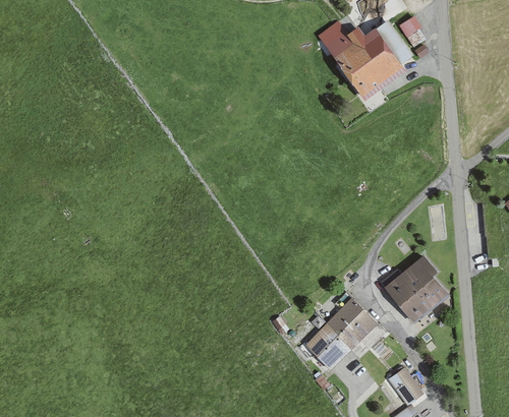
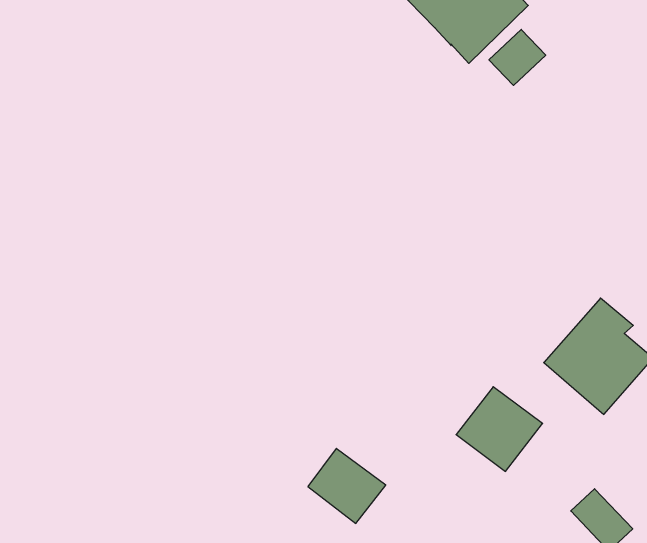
building: none -> [489,29,546,85]
building: [304,322,351,369] -> [308,448,386,523]

